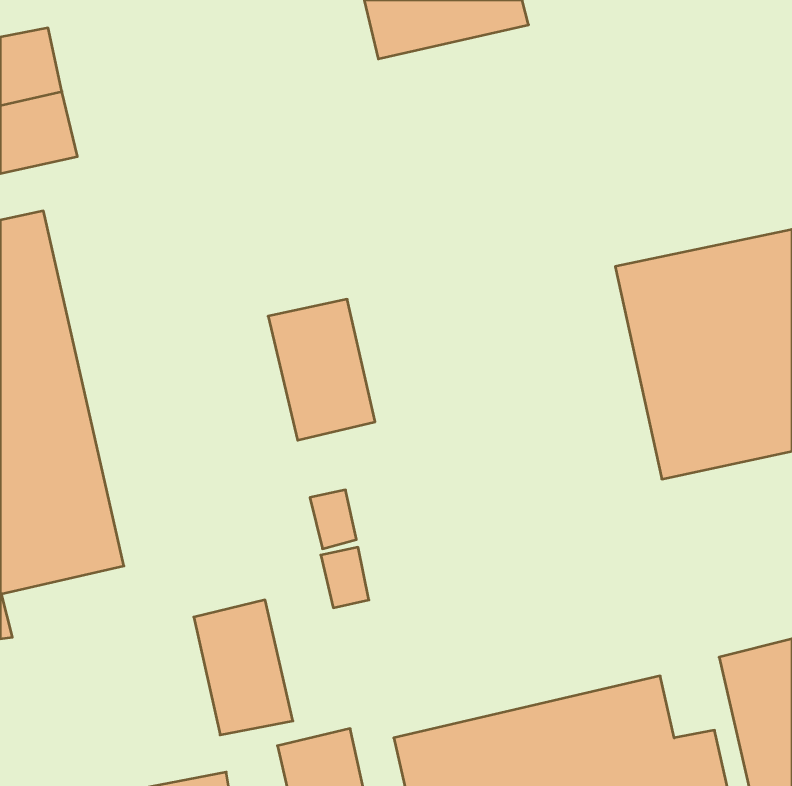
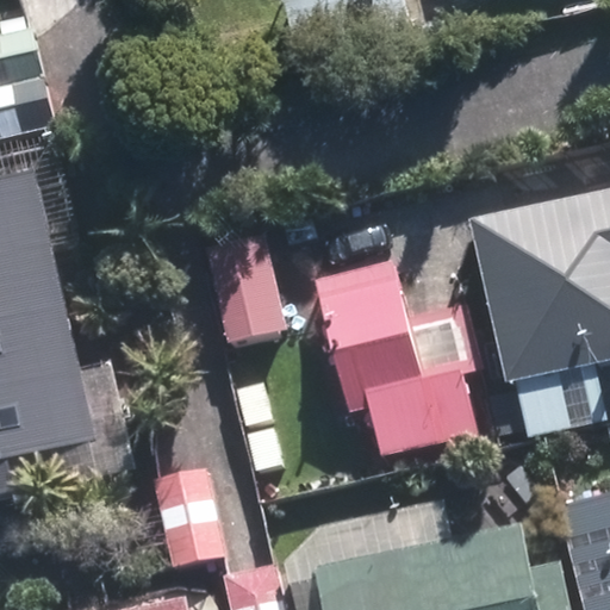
building: none -> [307,261,477,460]

